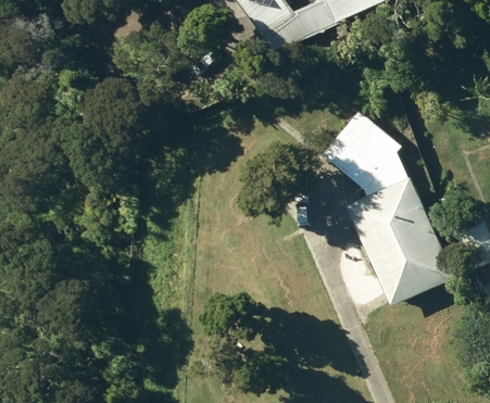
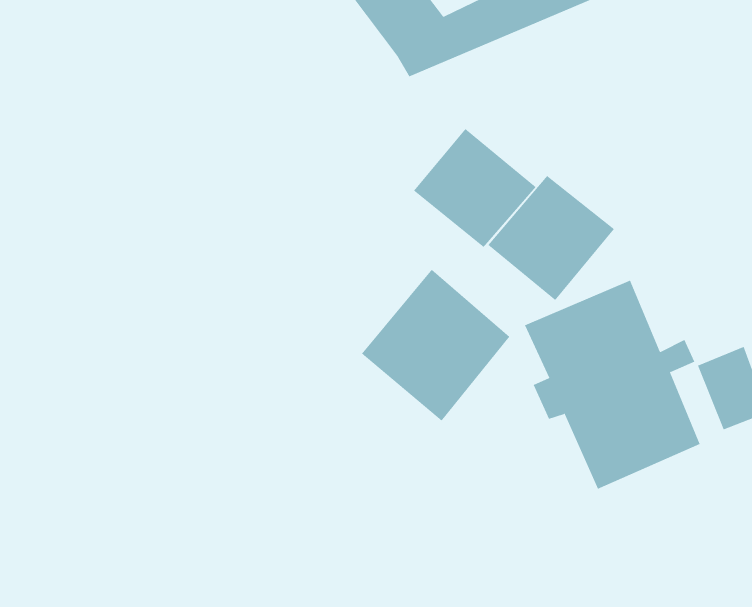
building: none -> [413,128,536,248]
building: none -> [361,269,510,421]

